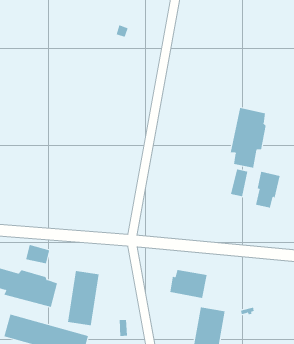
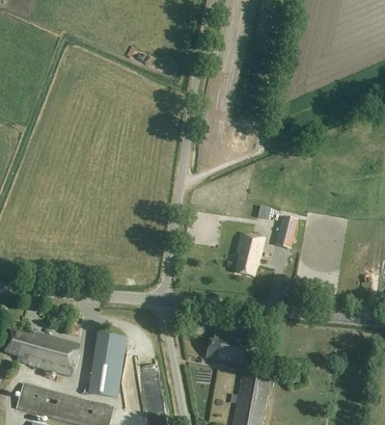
building: [230,107,266,168] -> none
building: [255,171,281,208] -> [236,233,265,275]
building: [25,244,50,264] -> none

